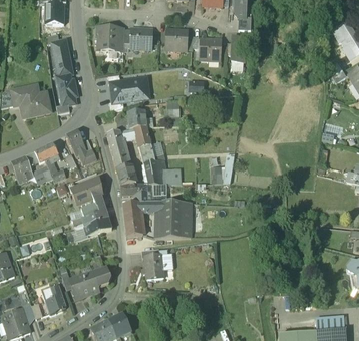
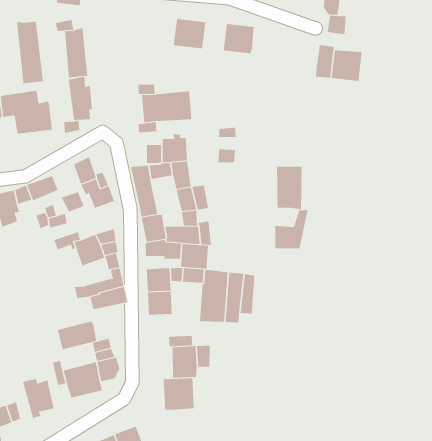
building: [94,25,117,50] -> none
building: none -> [16,21,44,85]
building: [200,38,221,59] -> [331,50,363,82]
building: none -> [276,166,302,210]
building: none -> [57,321,97,350]
building: none -> [163,377,194,410]

